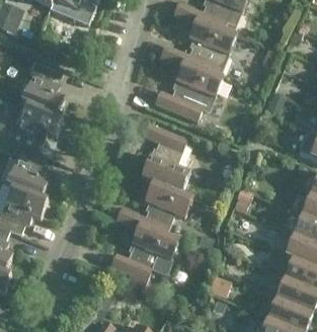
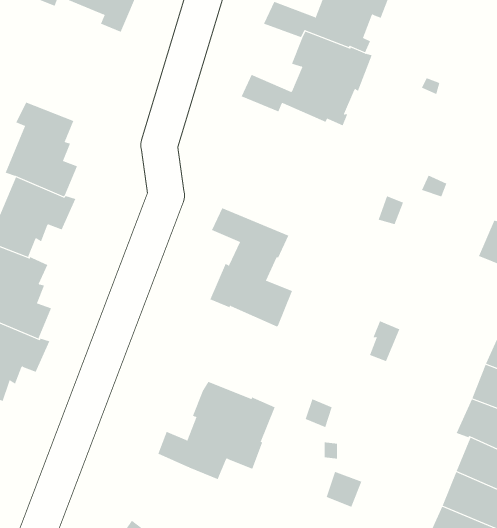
building: [154,62,223,121] -> none
building: [115,180,192,234] -> none

